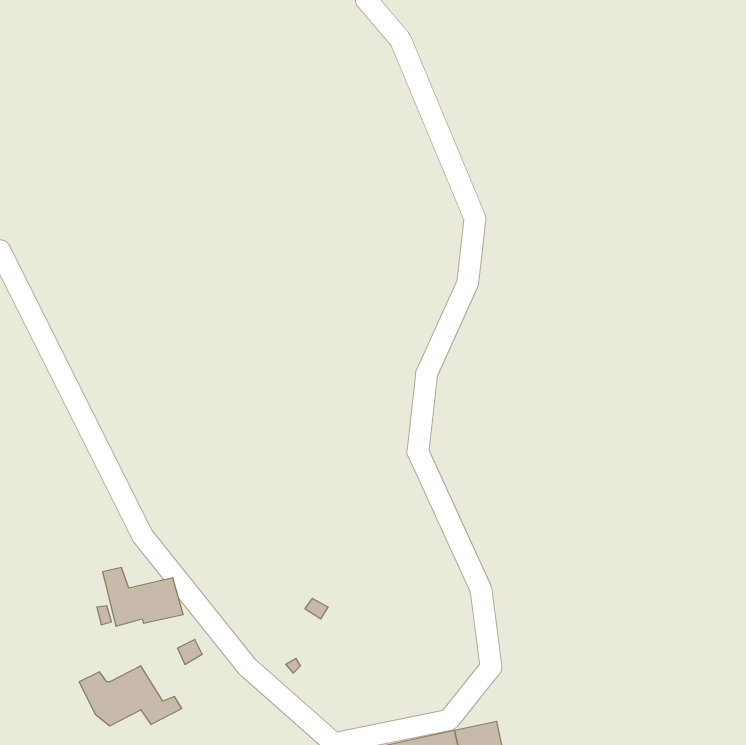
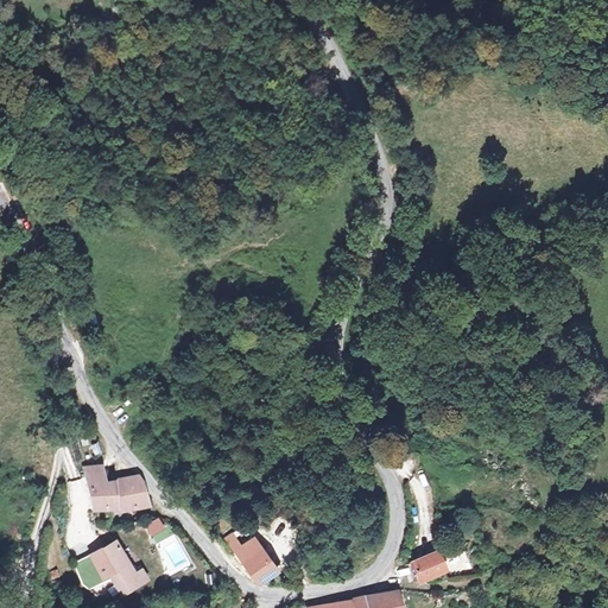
building: none -> [238,540,280,590]
building: none -> [408,557,445,590]

